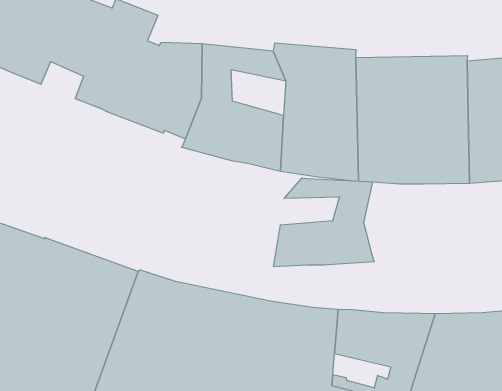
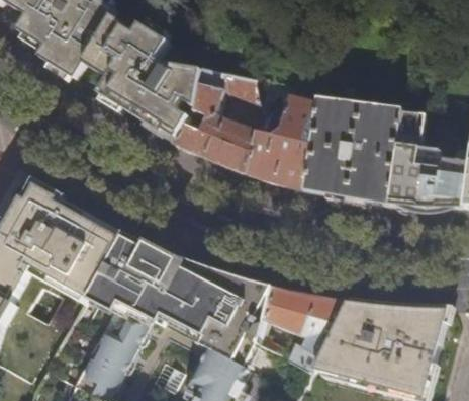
building: [273,178,374,267] -> none

